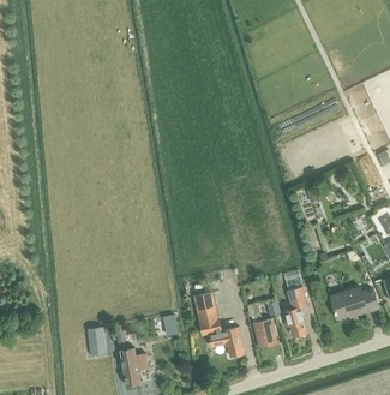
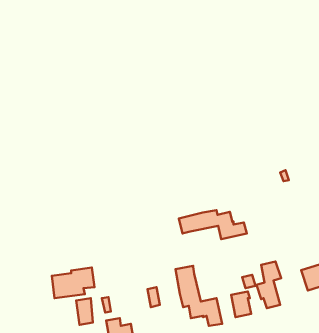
building: none -> [179,210,247,239]
building: none -> [52,267,94,298]

